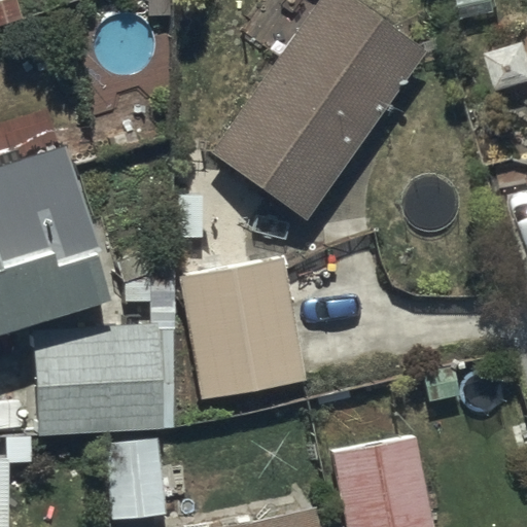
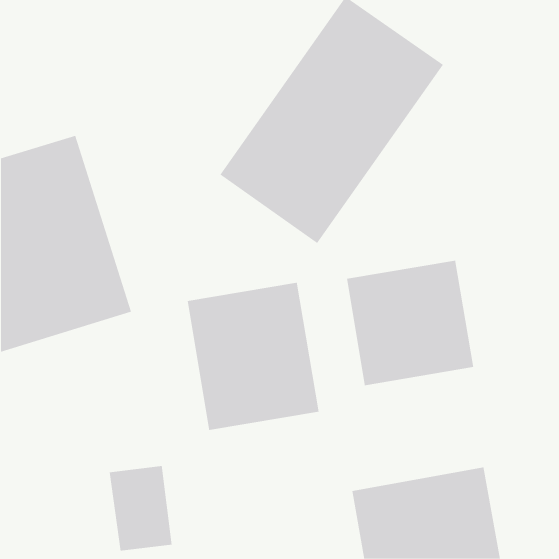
building: none -> [346,260,474,386]
building: [26,319,171,429] -> none

